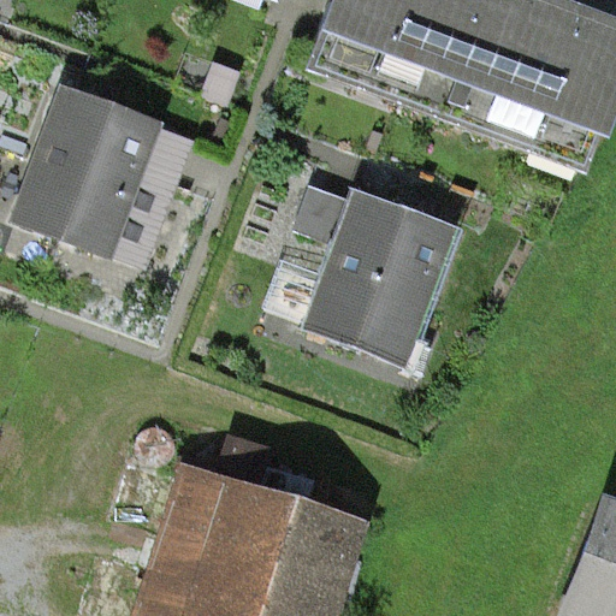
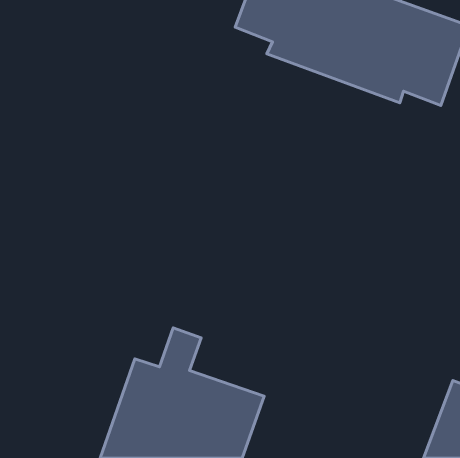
building: [24,93,186,255] -> none
building: [314,200,443,350] -> none

